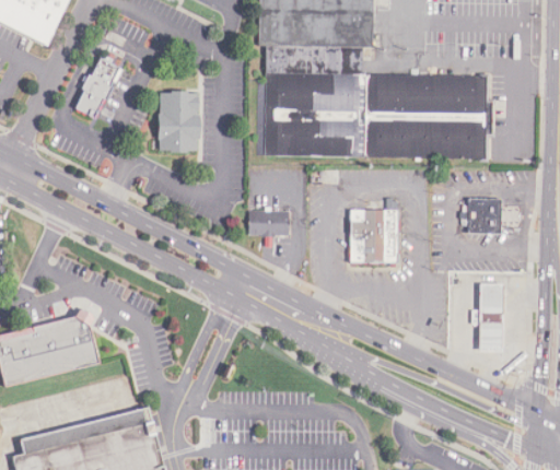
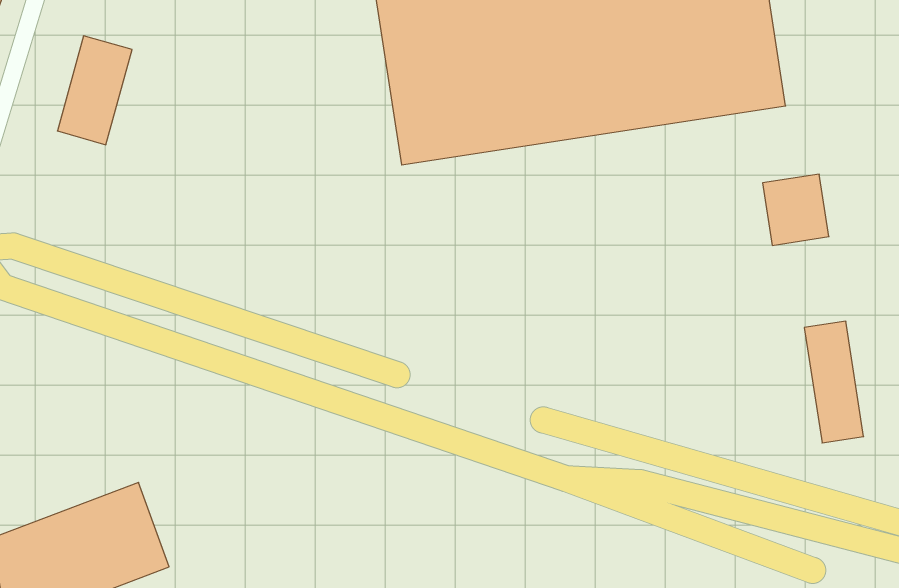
building: [156,92,197,152] -> none
building: [348,210,396,262] -> none
building: [248,211,285,234] -> none

